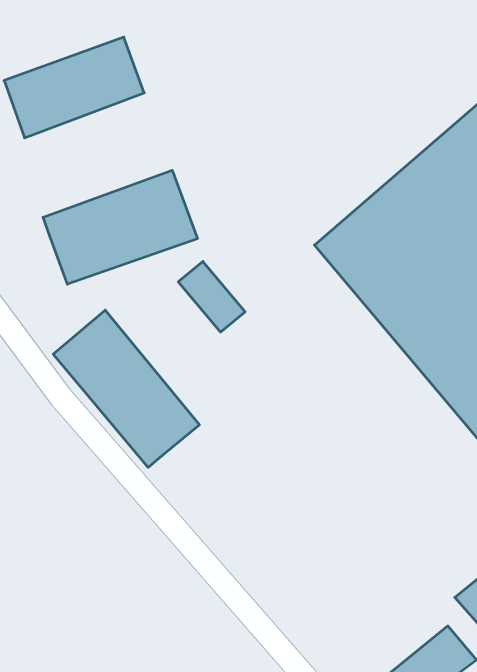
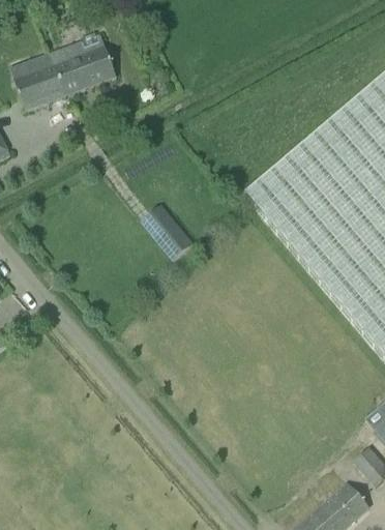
building: [43,170,197,284] -> none
building: [53,310,199,467] -> none

